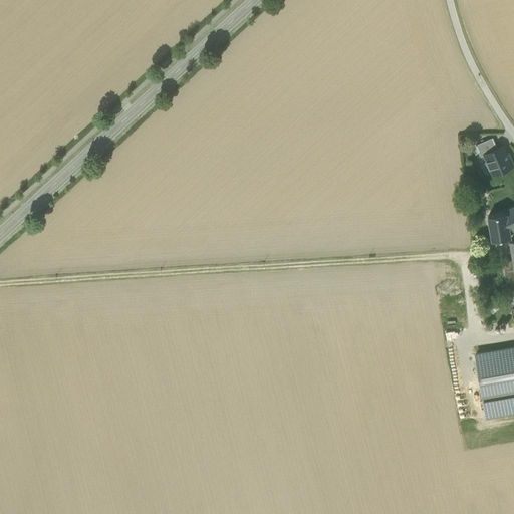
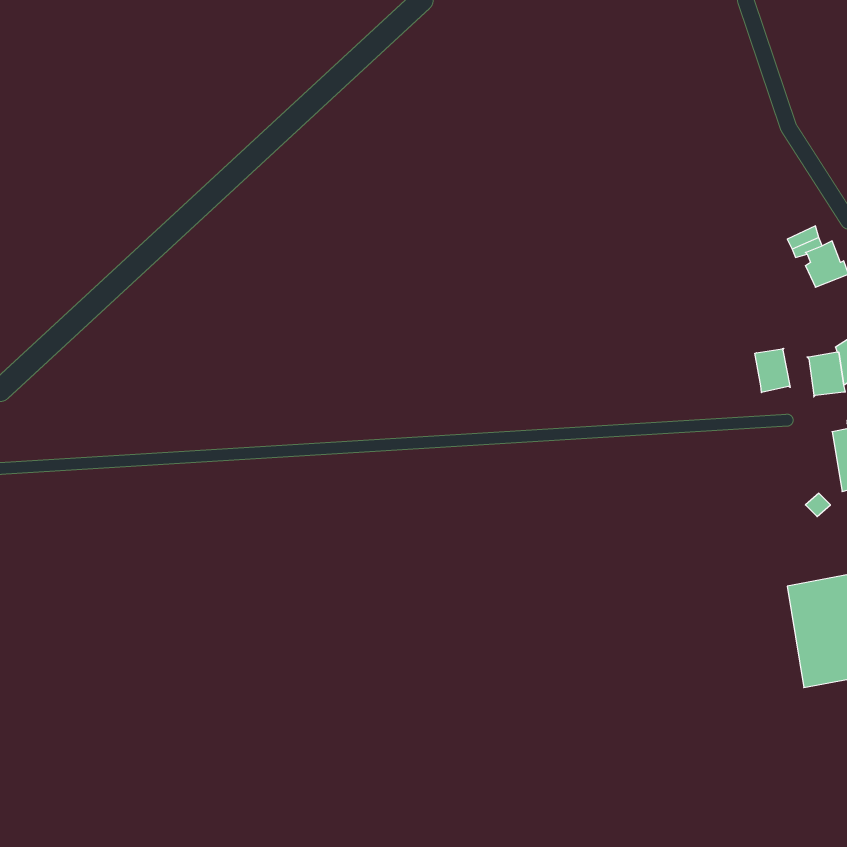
building: none -> [755,348,790,393]

